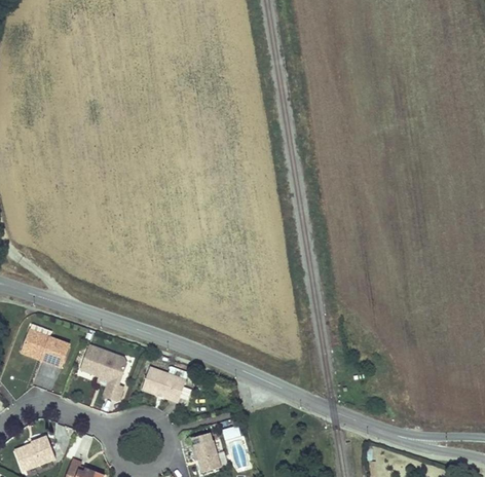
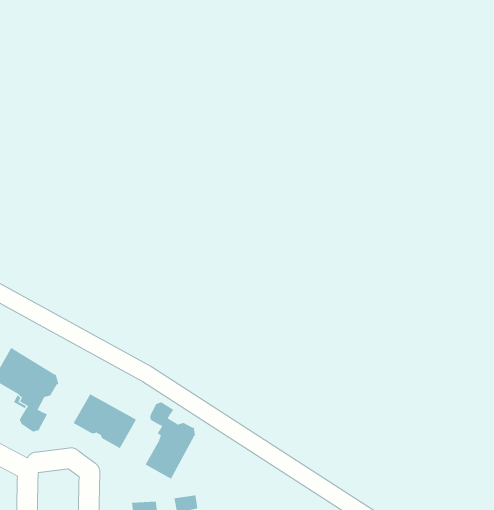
building: none -> [145,402,195,480]

